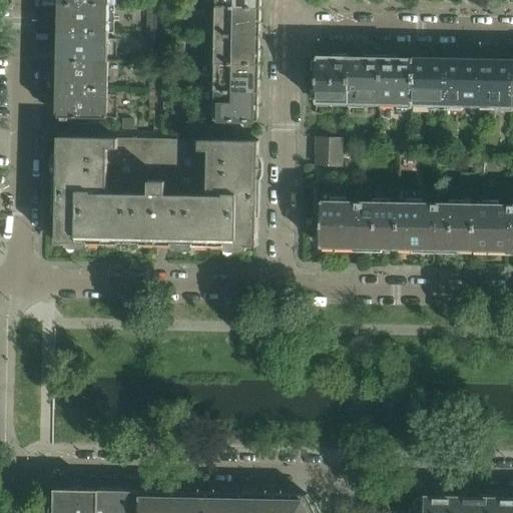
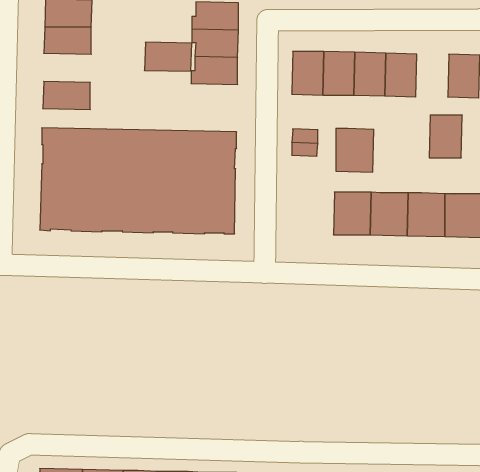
building: [57,60,106,90] -> none
building: [442,61,476,105] -> [429,115,462,158]
building: [208,91,258,121] -> [144,42,192,71]
building: [319,202,358,247] -> [336,128,374,172]

